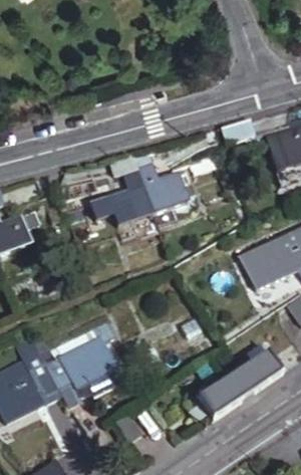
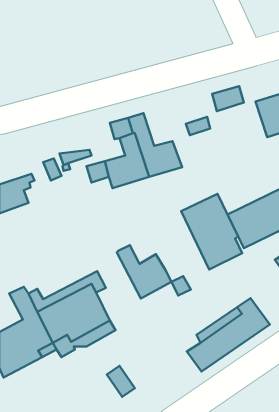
building: none -> [181,194,242,269]
building: none -> [117,245,171,299]

